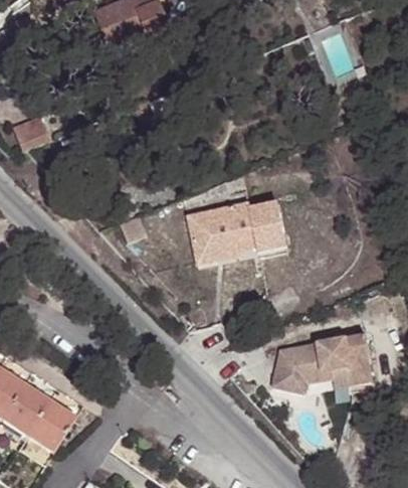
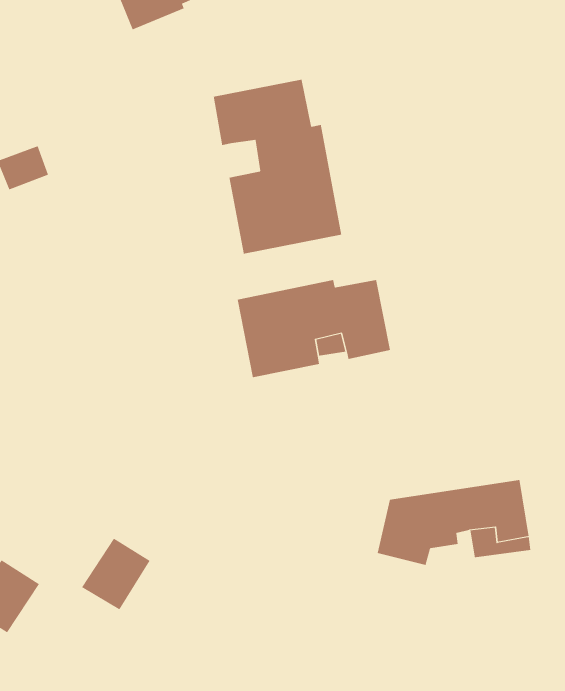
building: none -> [213,79,342,255]
building: [31,402,76,450] -> [81,538,150,610]

